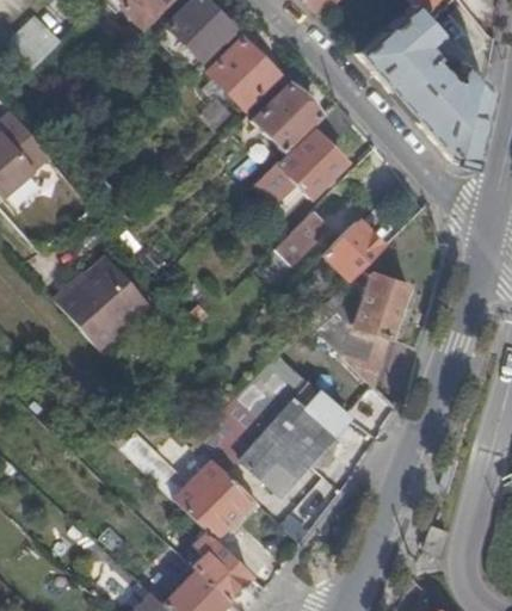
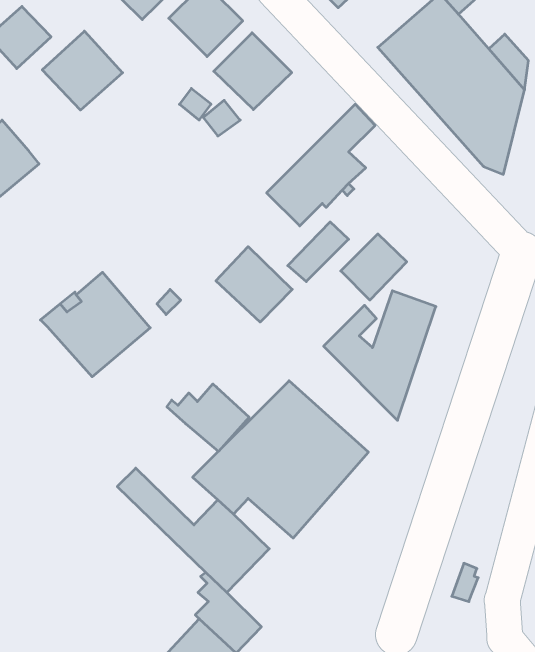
building: none -> [42,31,123,110]
building: [252,84,320,152] -> none
building: none -> [216,247,292,322]
building: none -> [167,384,249,451]

